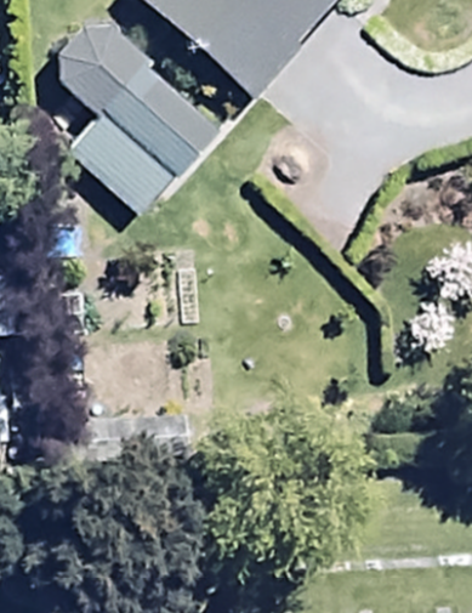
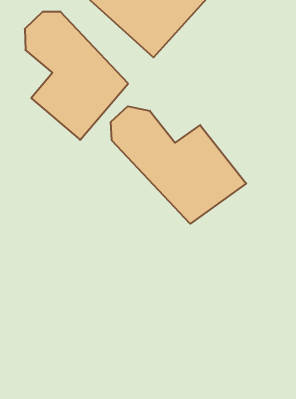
building: none -> [111,106,246,224]

